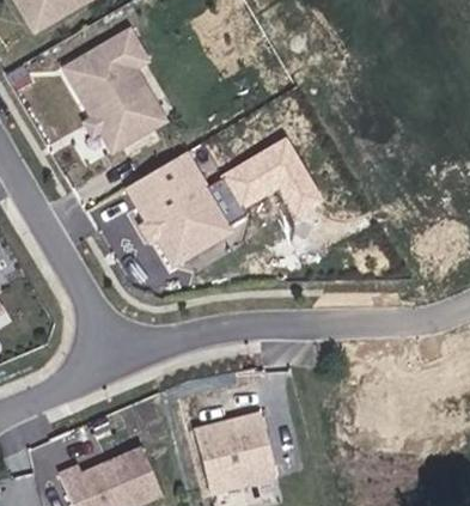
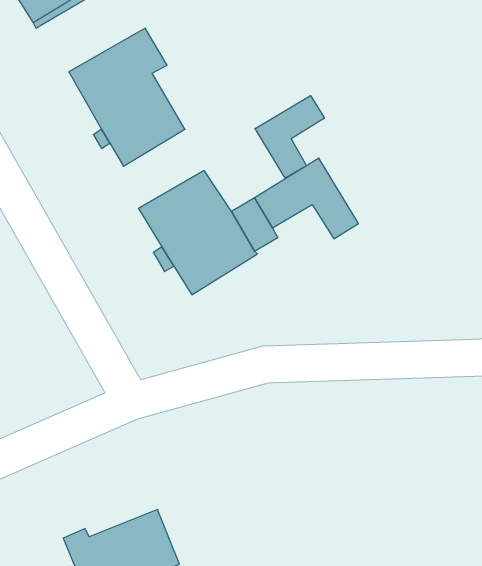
building: none -> [255,96,324,178]
building: [197,416,275,494] -> none

